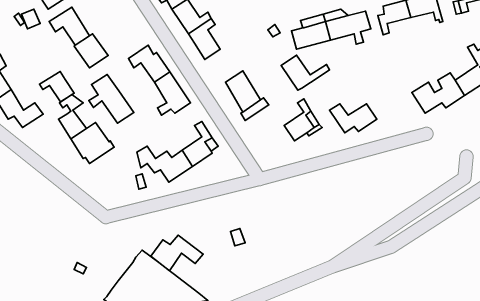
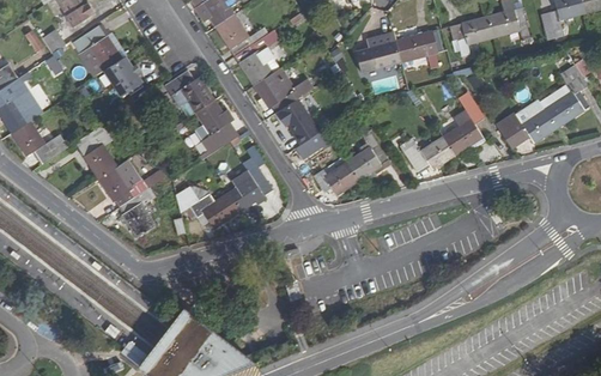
building: [281,55,330,90] -> [254,73,310,114]
building: none -> [442,97,482,154]
building: [39,71,74,102] -> none
building: [89,75,134,123] -> none
building: none -> [314,156,358,194]
building: none -> [117,187,156,237]
building: [151,235,203,271] -> none

